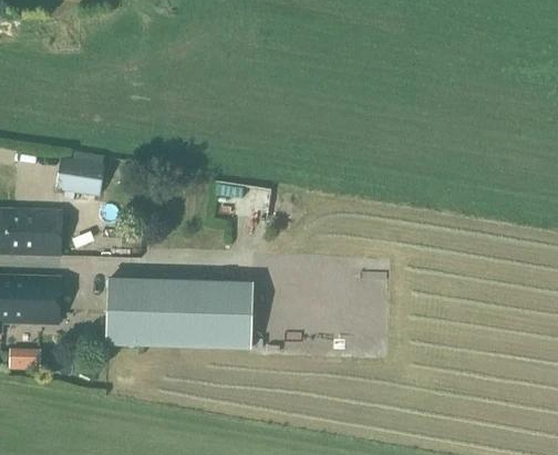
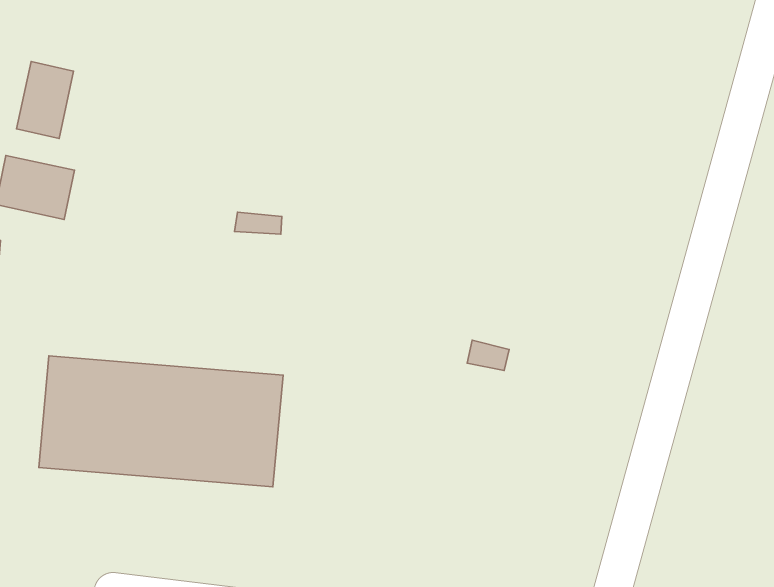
building: none -> [17,62,73,138]

